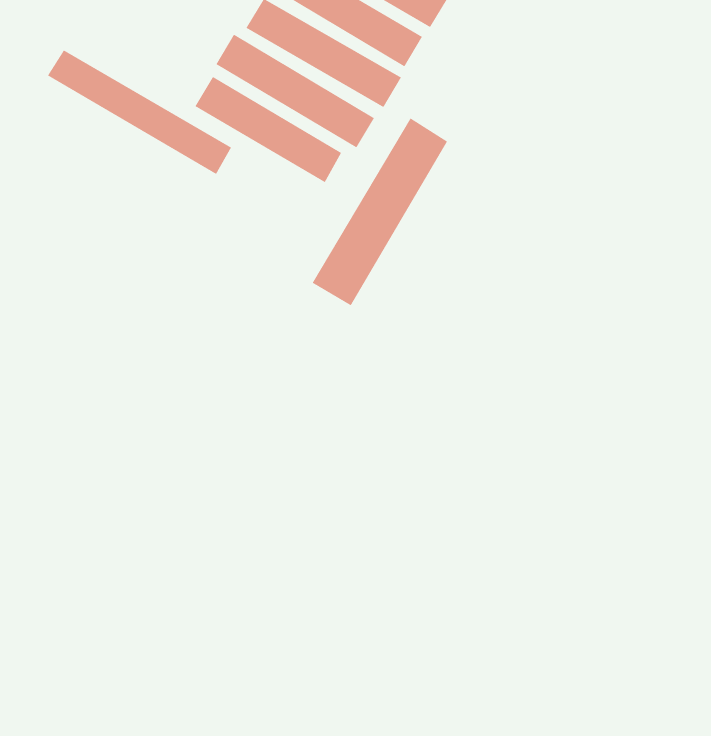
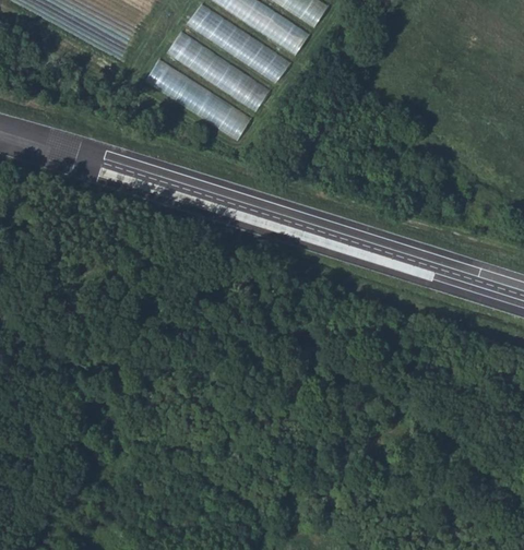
building: [47,49,232,175] -> none
building: [312,117,448,306] -> none

